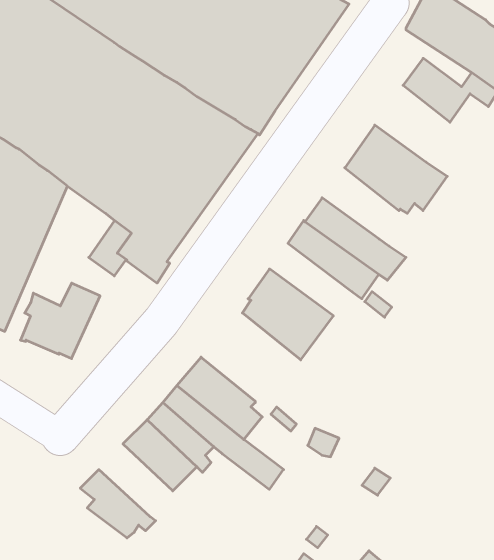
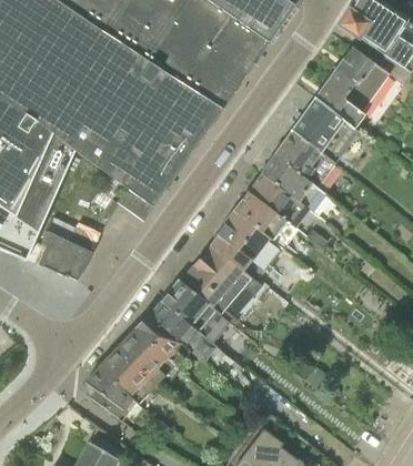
building: none -> [314,67,373,126]
building: none -> [273,131,333,186]
building: none -> [232,190,296,246]
building: none -> [180,244,262,313]
building: none -> [99,346,157,403]

